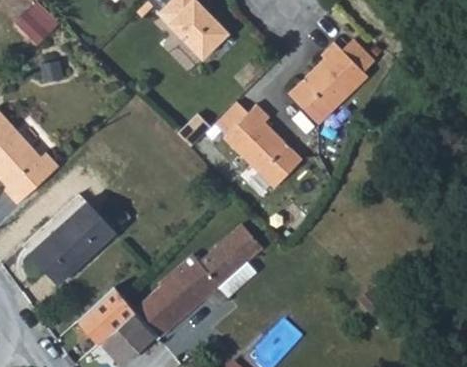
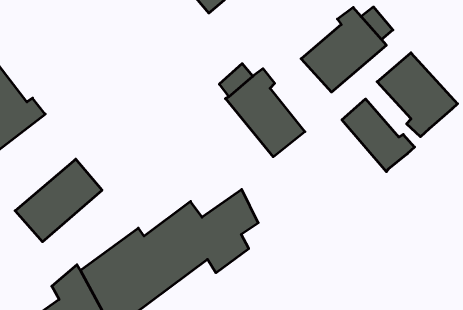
building: none -> [377,53,458,137]
building: none -> [342,99,415,172]

